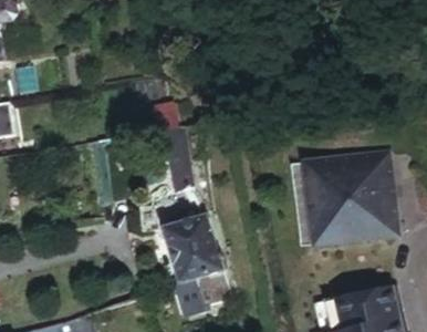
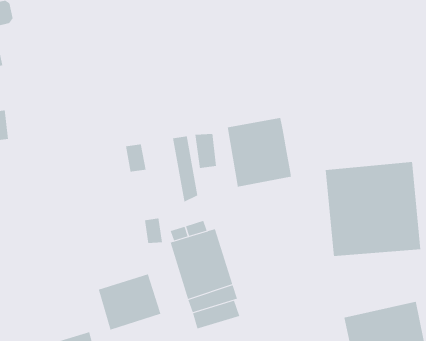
building: none -> [227,117,292,187]
building: none -> [98,274,161,330]

